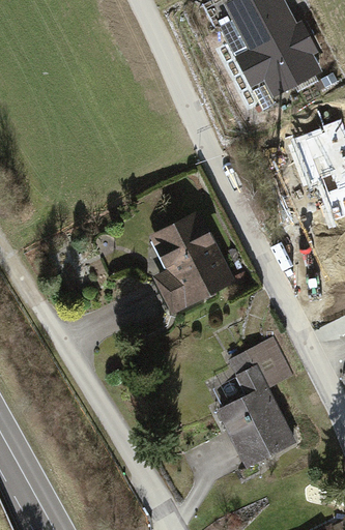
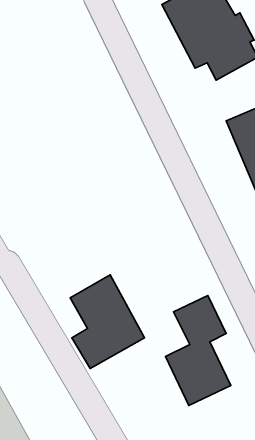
building: [148,210,233,317] -> [70,275,145,369]

